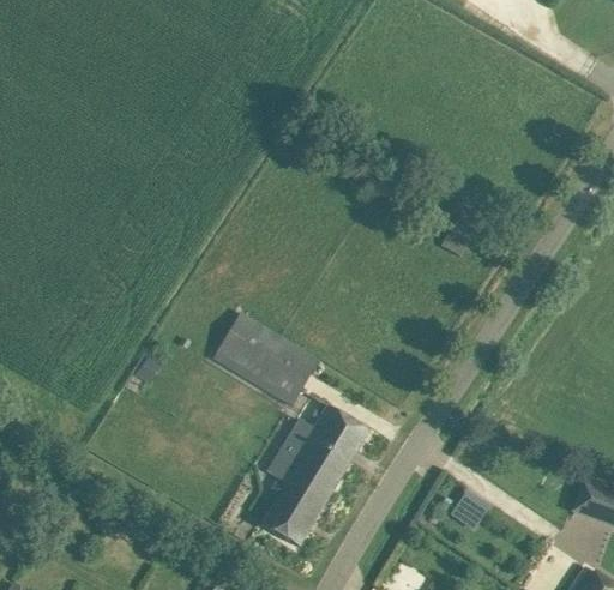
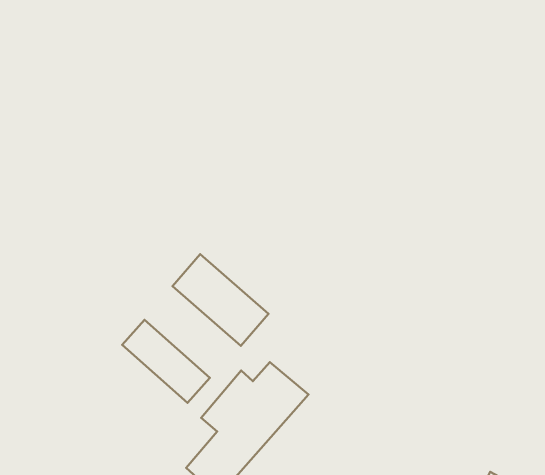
building: none -> [122,320,210,403]

